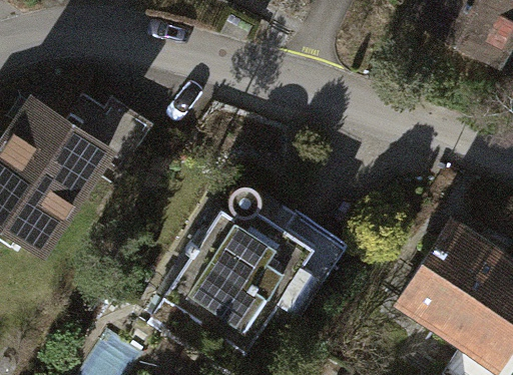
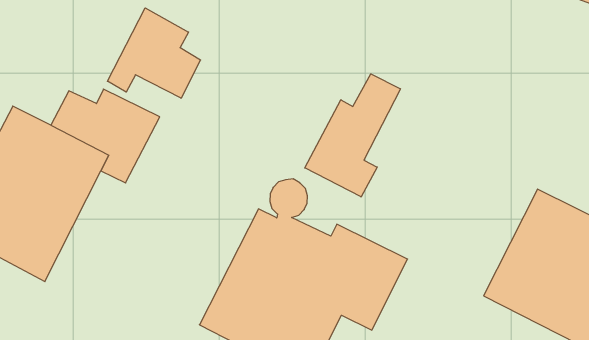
building: none -> [107,8,201,98]
building: none -> [305,74,400,197]

